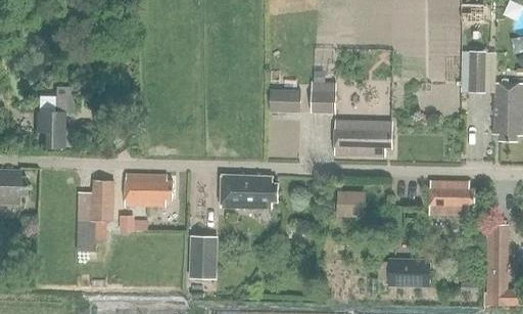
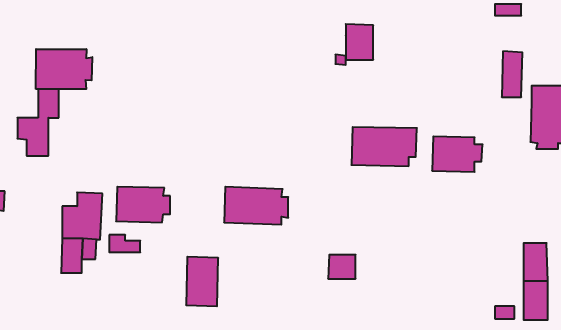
building: none -> [36,49,92,89]
building: [312,81,336,113] -> [346,24,373,60]
building: [267,90,297,114] -> none
building: [430,182,475,214] -> [432,136,483,172]
building: [339,192,364,214] -> [328,255,356,279]
building: [386,259,427,287] -> none

